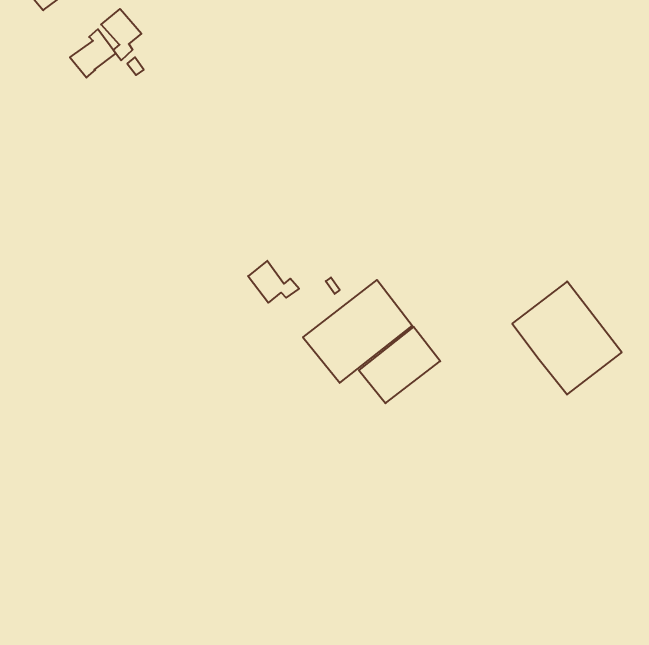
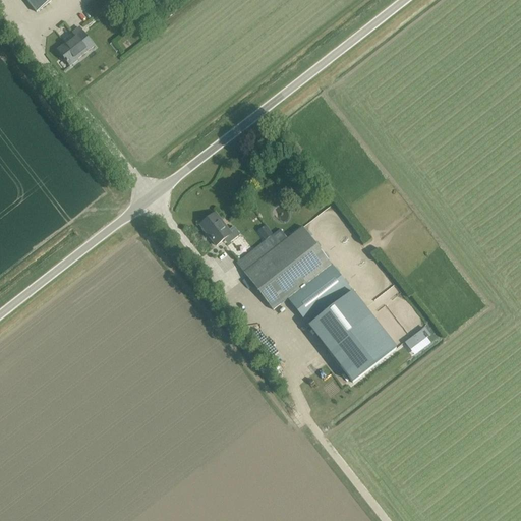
building: [101,9,141,60] -> none
building: [512,281,622,395] -> [308,289,396,380]

